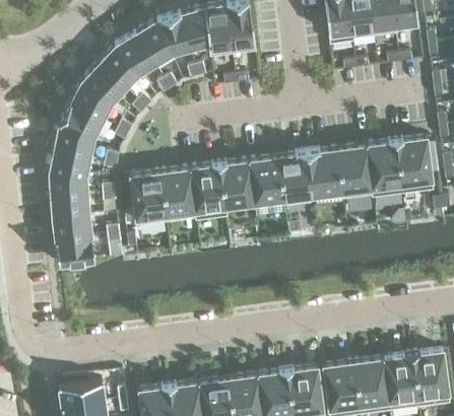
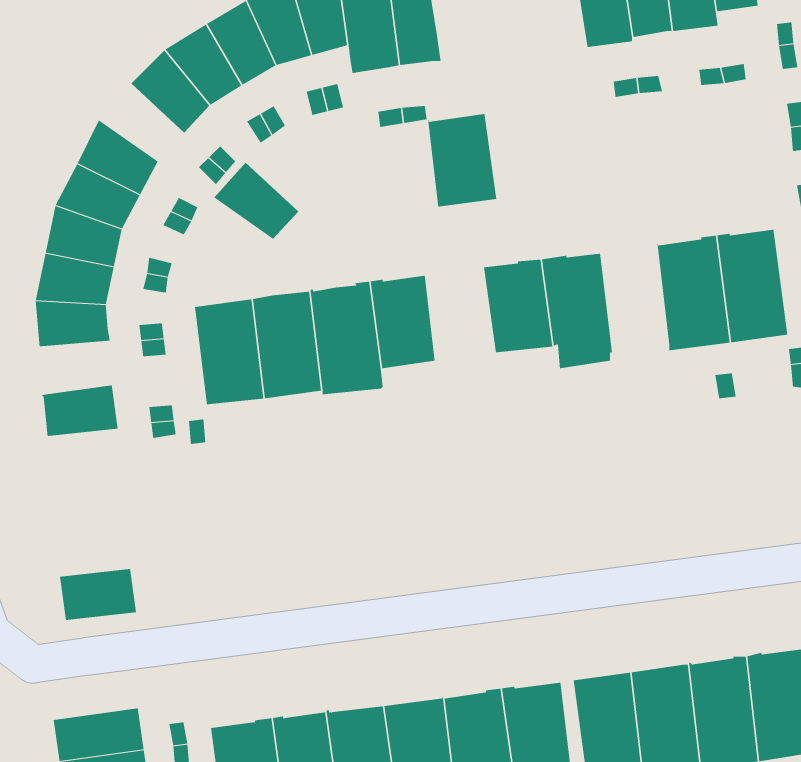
building: [82,62,126,101] -> [214,162,299,240]
building: [338,144,373,199] -> none
building: [249,155,284,203] -> [427,113,497,207]
building: [52,193,89,220] -> none
building: [56,237,95,264] -> [59,569,137,620]

